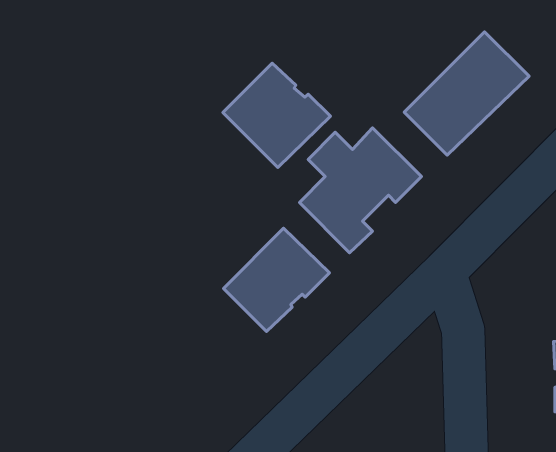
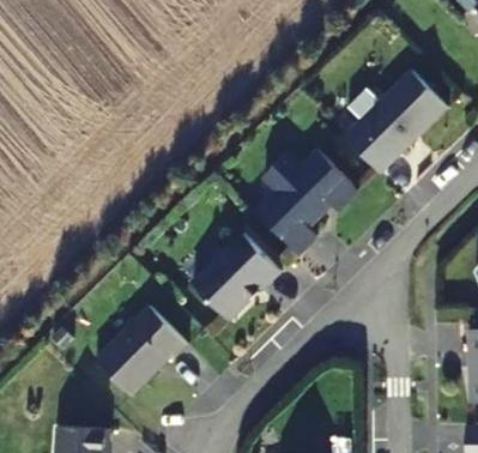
building: [223,63,330,167] -> none
building: none -> [95,306,187,395]

